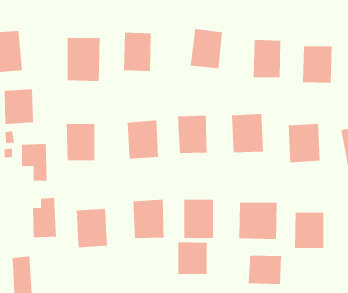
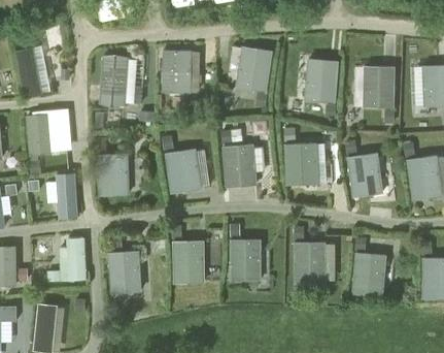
building: [178,242,207,275] -> none
building: [248,255,281,285] -> none

